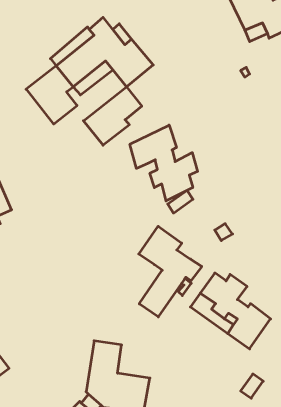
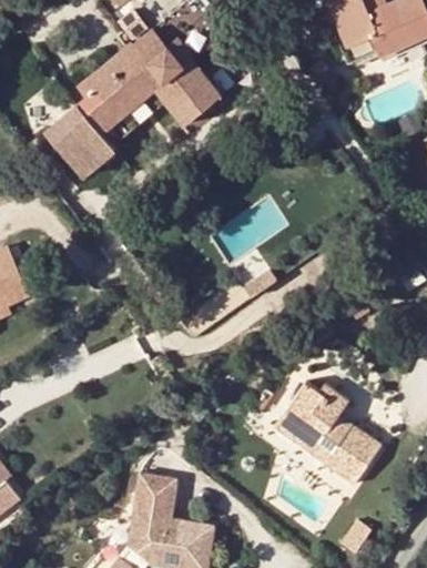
building: [83,87,142,145] -> none
building: [130,125,198,201] -> none
building: [139,226,202,317] -> none

